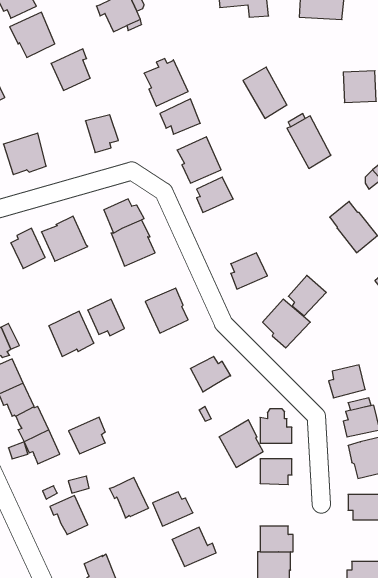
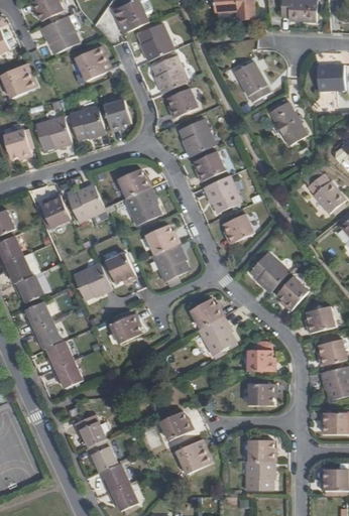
building: none -> [138,22,173,60]
building: none -> [69,106,105,139]
building: none -> [203,175,240,213]
building: none -> [145,225,179,253]
building: [288,275,326,316] -> [276,277,308,310]
building: [69,417,105,454] -> [109,312,139,343]
building: [219,420,263,467] -> [198,315,234,355]
building: [109,478,149,518] -> [85,438,117,472]

